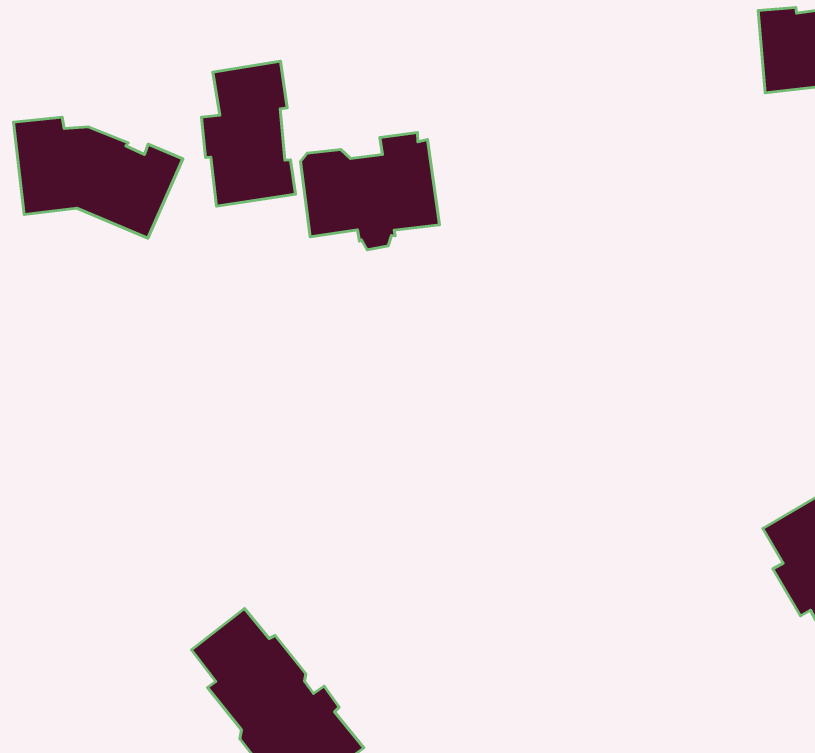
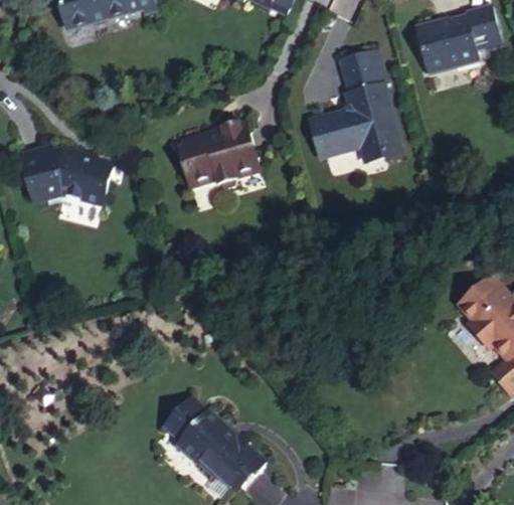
building: none -> [308,48,399,159]
building: [202,61,296,206] -> none

